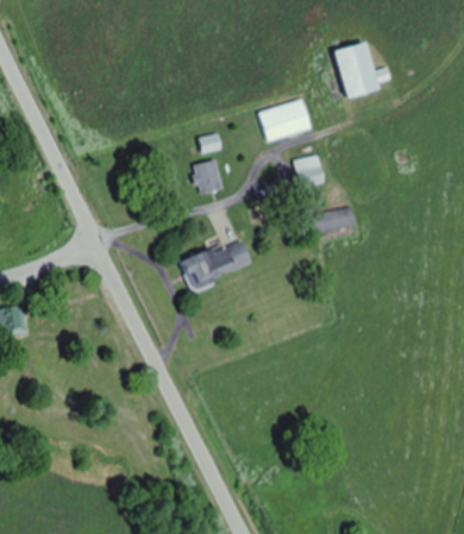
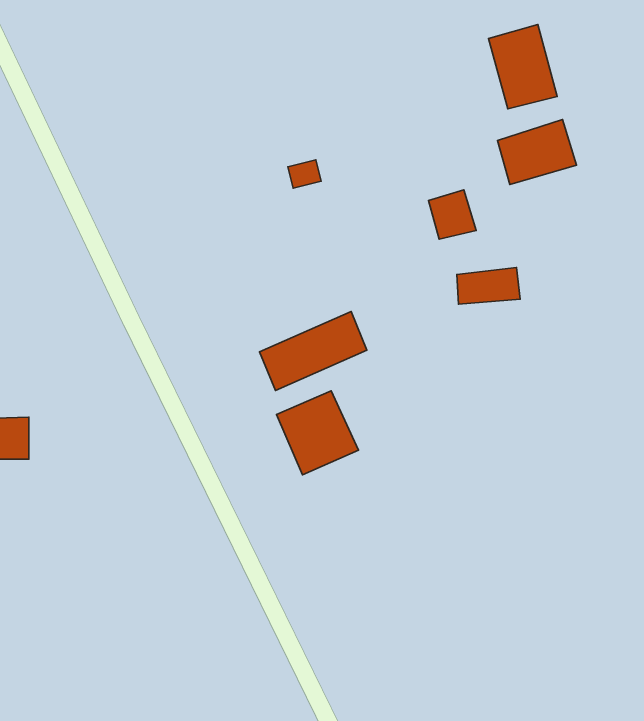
building: [258,98,312,142] -> [497,120,577,185]
building: [193,159,222,194] -> none
building: none -> [276,391,358,475]

